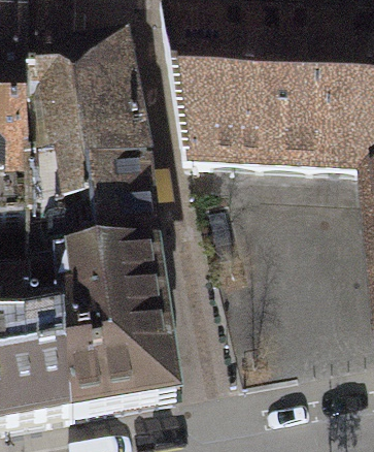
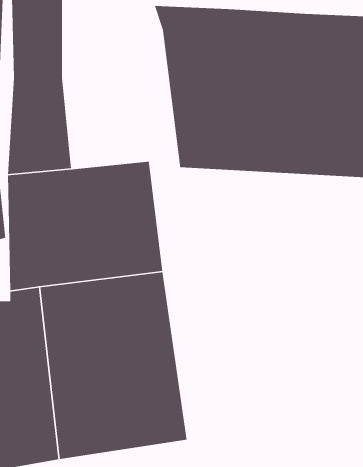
building: [74,43,151,161] -> none

